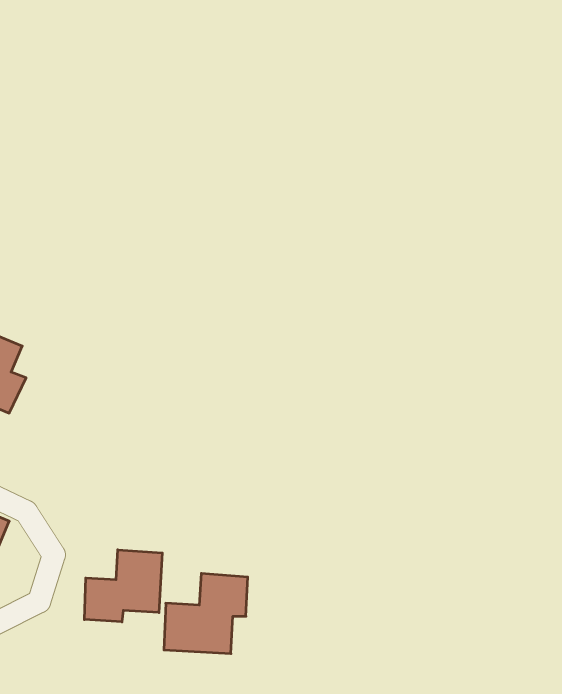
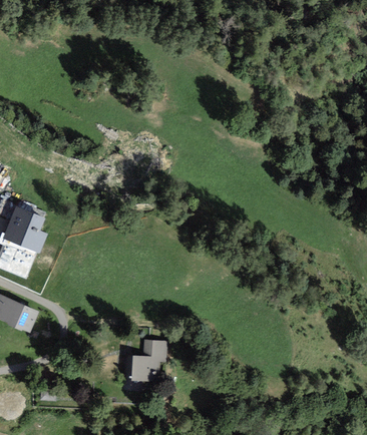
building: [84,550,162,622] -> none

